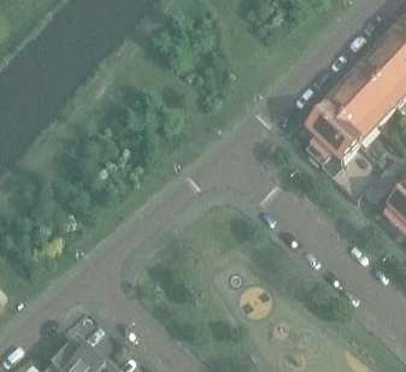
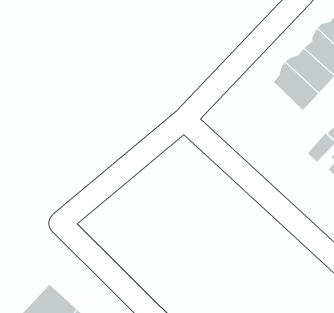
building: [305,108,360,164] -> none

